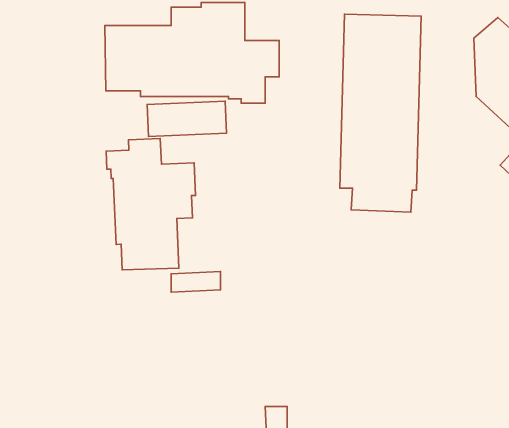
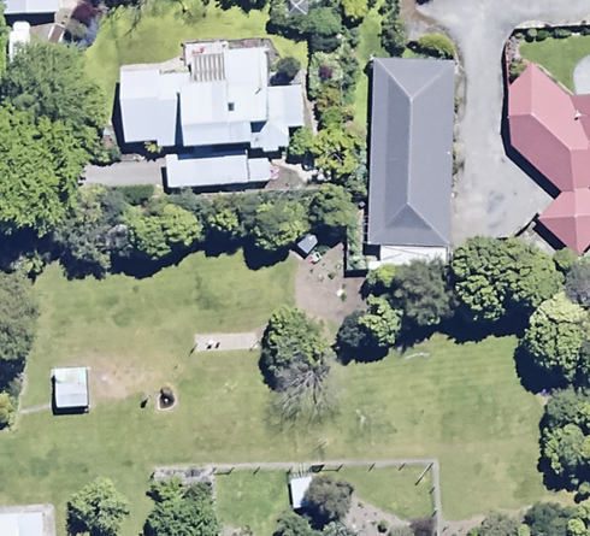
building: [106,138,196,270] -> none

